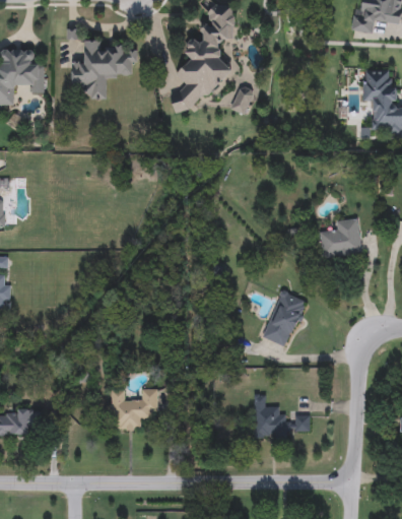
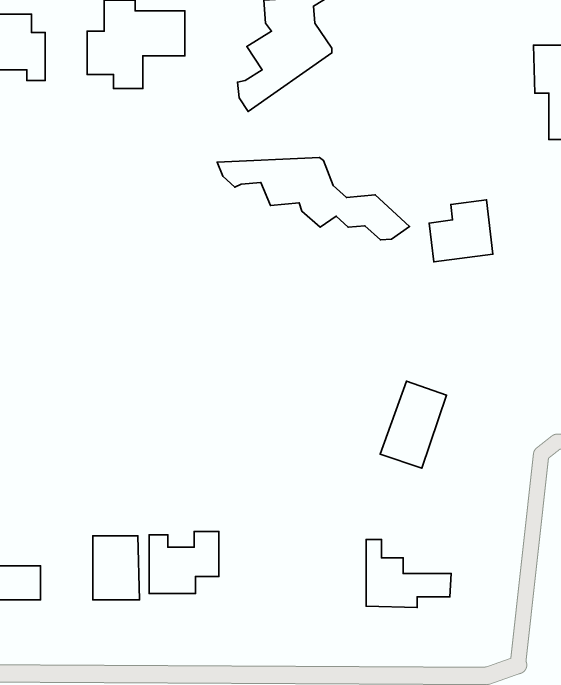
building: [230,85,254,115] -> none
building: none -> [217,157,410,240]
building: [320,218,361,259] -> [429,200,493,262]
building: none -> [93,536,139,600]

